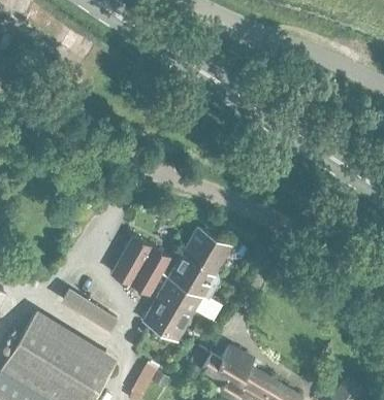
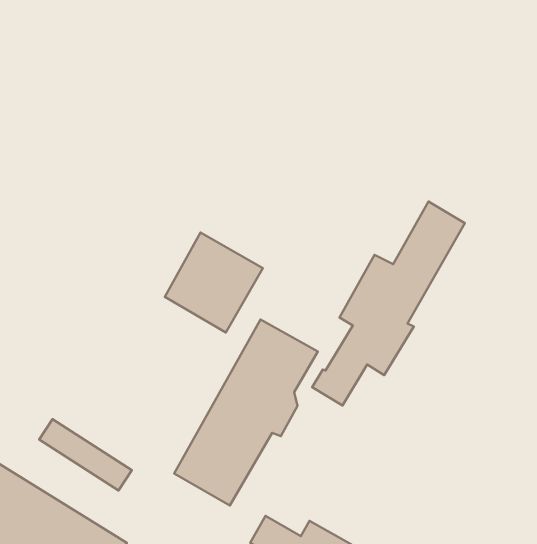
building: none -> [312,201,465,406]
building: [113,233,172,294] -> [165,233,263,332]

